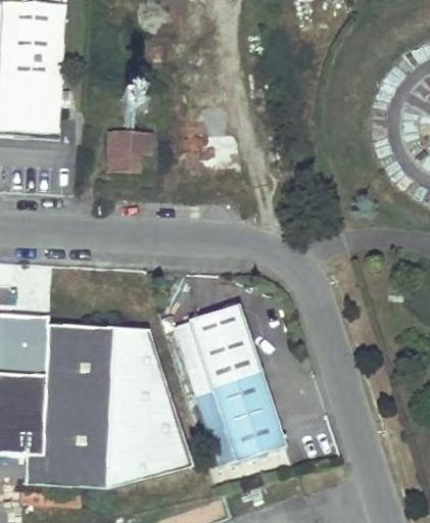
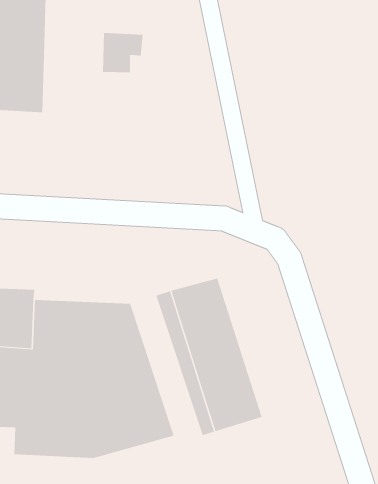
building: [108,131,151,173] -> [102,33,144,73]

